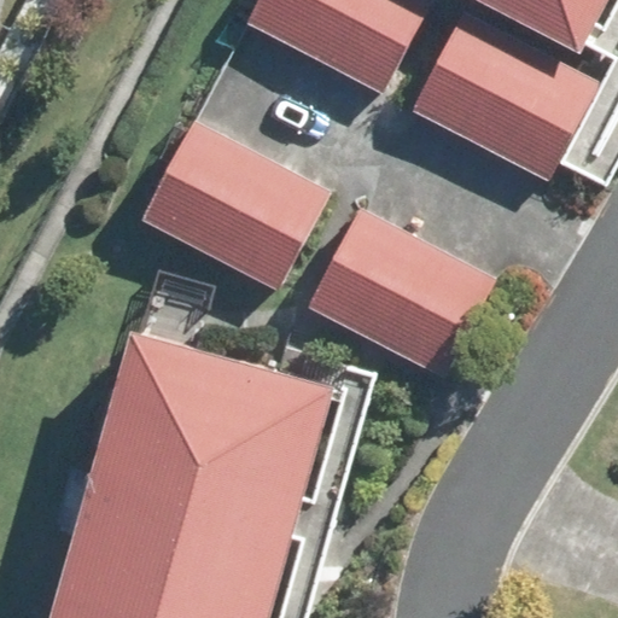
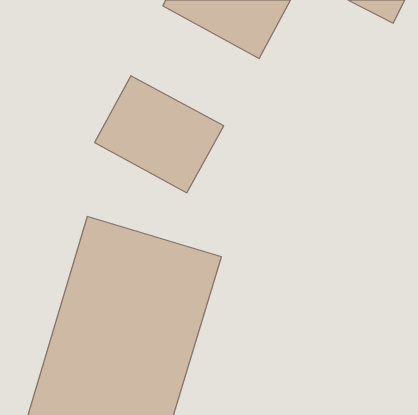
building: [416,13,602,183] -> none
building: [308,210,495,378] -> none

